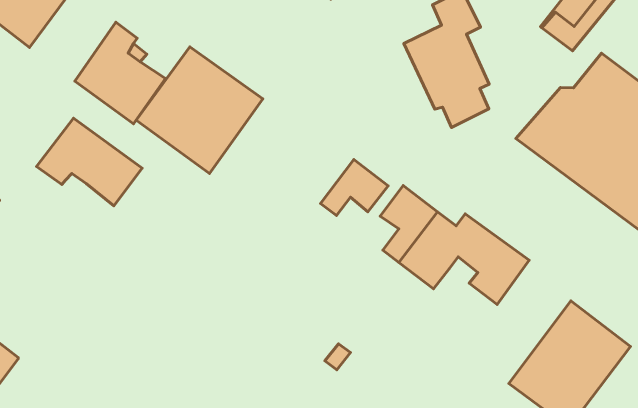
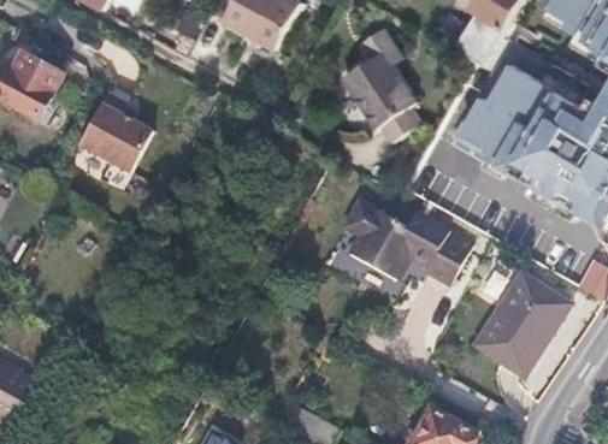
building: [136,47,263,173] -> none
building: [37,118,142,206] -> none
building: [321,160,388,215] -> none

